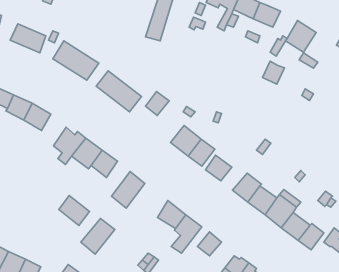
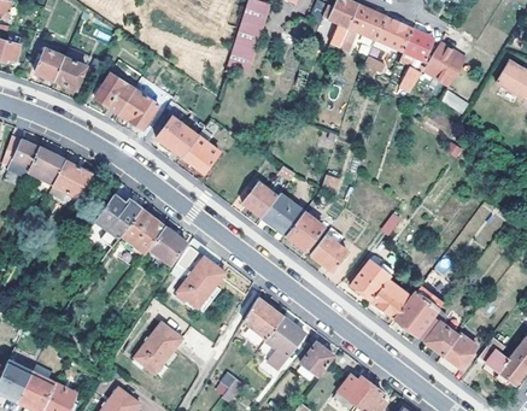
building: [262,61,285,84] -> [405,30,437,63]
building: [145,92,169,115] -> [244,182,277,216]
building: [59,196,89,225] -> none

